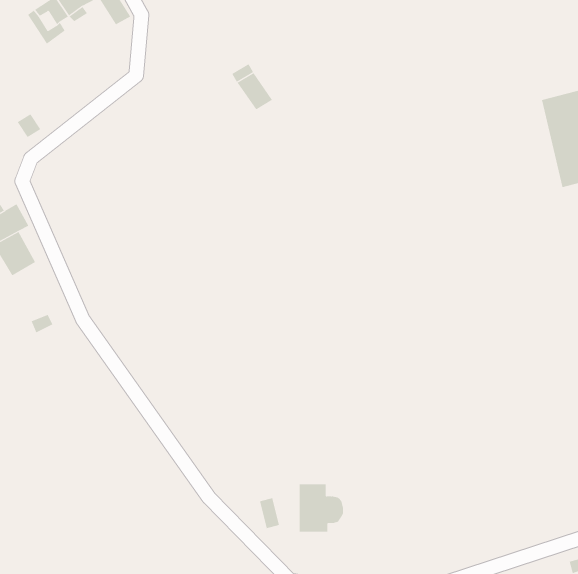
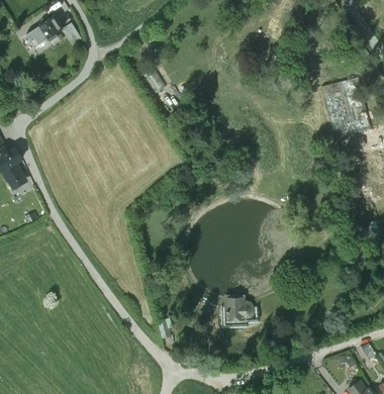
building: [299,484,344,532] -> [226,296,253,324]

